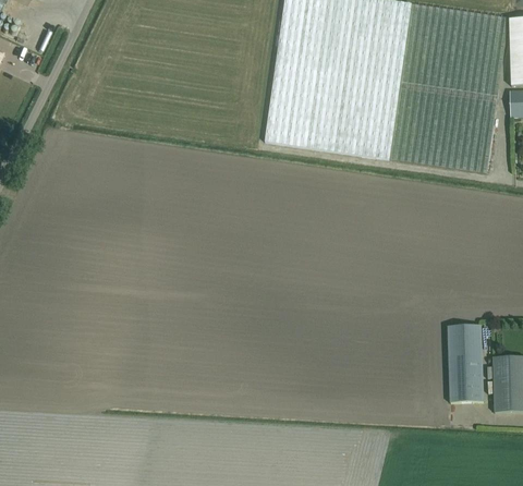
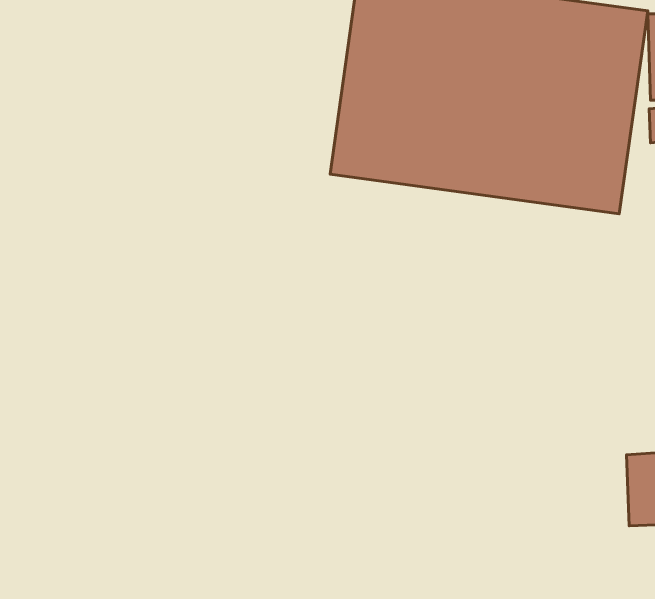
building: [448,325,483,402] -> none

